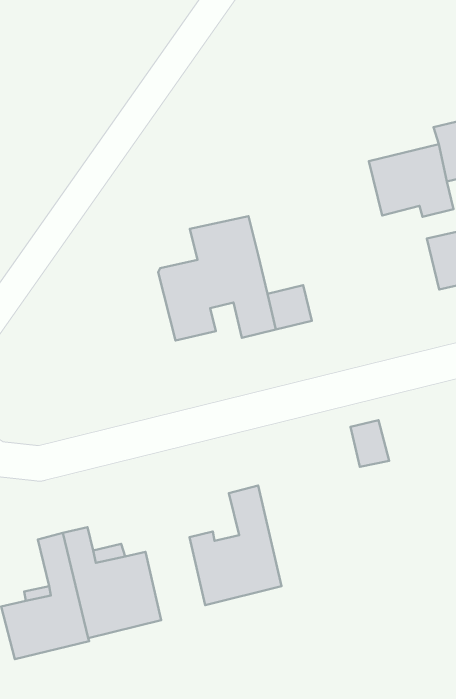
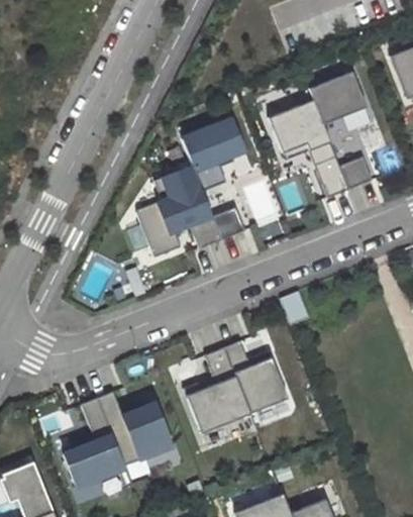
building: none -> [182,120,243,192]
building: none -> [225,341,288,413]

